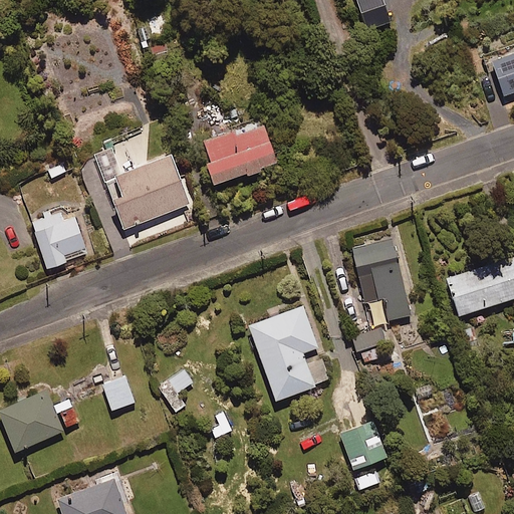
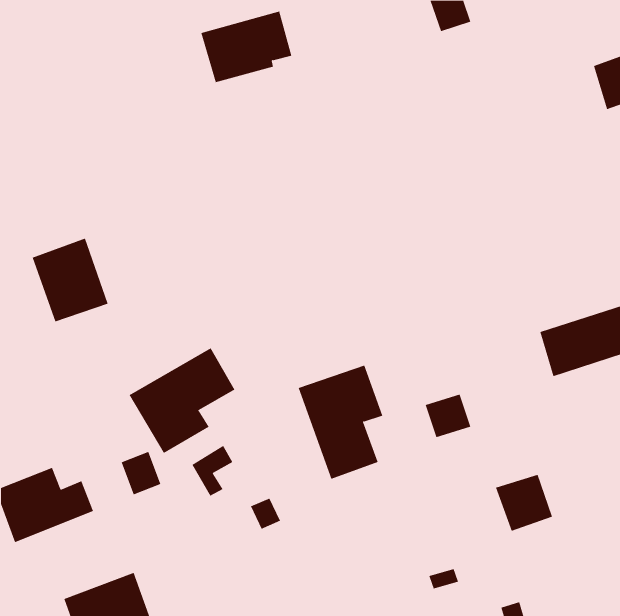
building: [198,122,273,182] -> [201,11,292,83]
building: [103,152,190,231] -> none
building: [351,239,411,322] -> none
building: none -> [129,348,235,454]
building: [339,423,387,470] -> [495,474,553,532]

